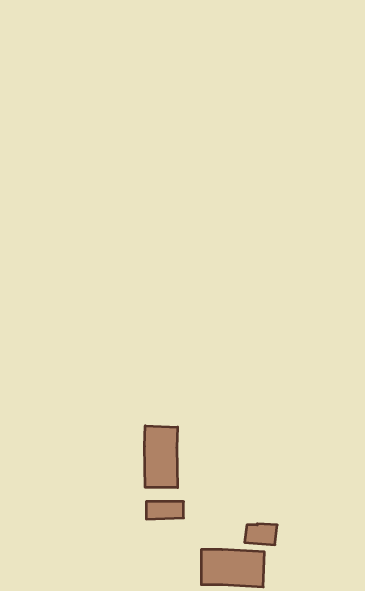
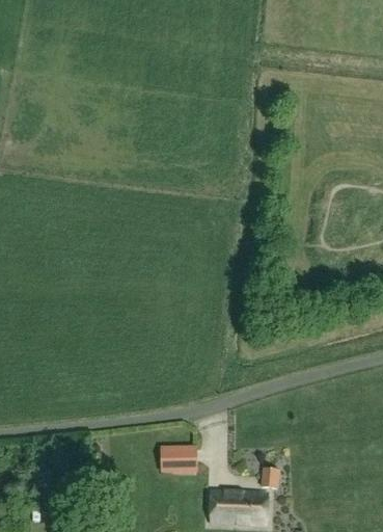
building: [145,426,178,488] -> none

